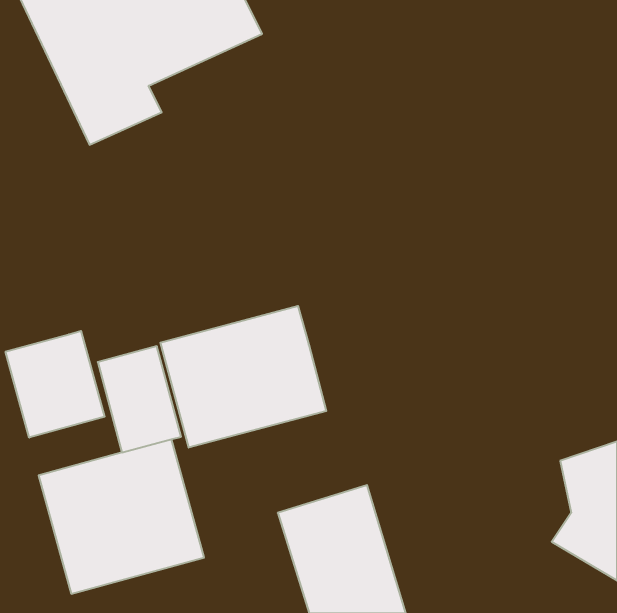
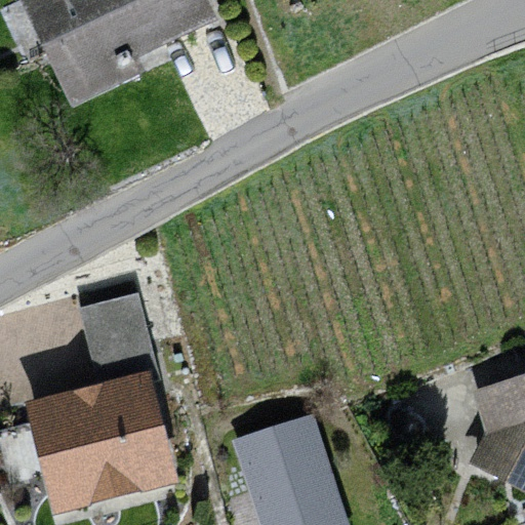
building: [160,306,326,448] -> none
building: [6,331,105,438] -> none

